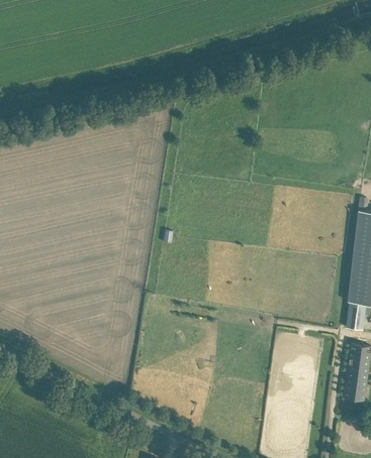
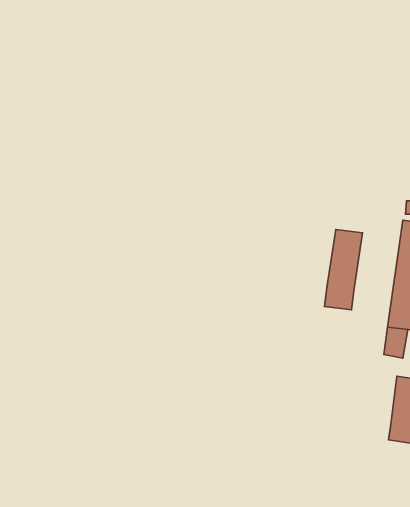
building: none -> [324,230,363,310]

